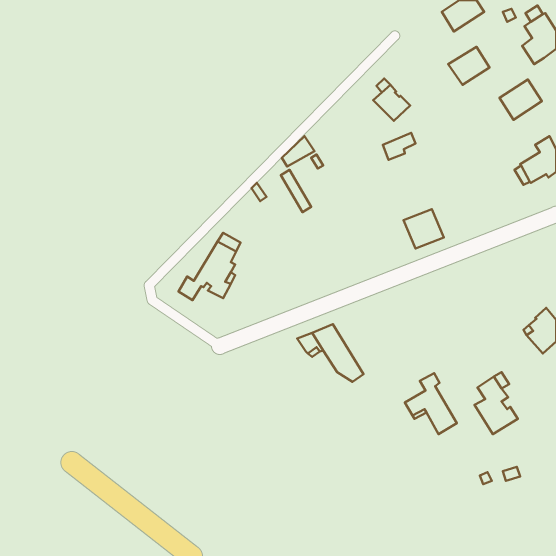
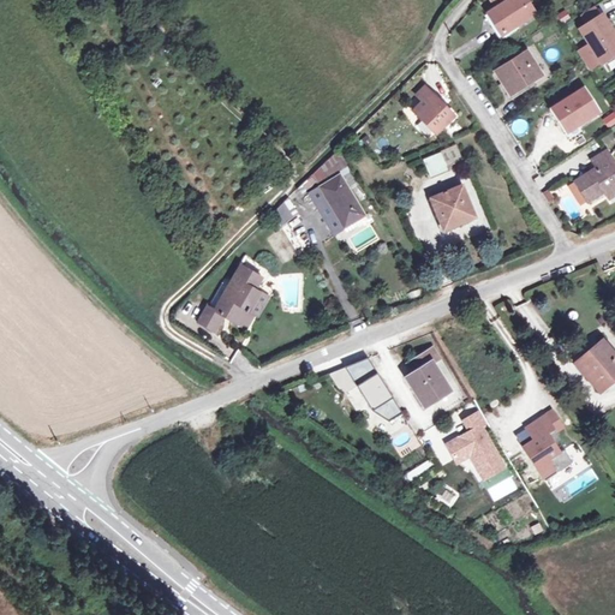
building: none -> [320,175,364,228]
building: [404,209,444,248] -> [430,186,474,229]
building: none -> [406,348,449,406]

